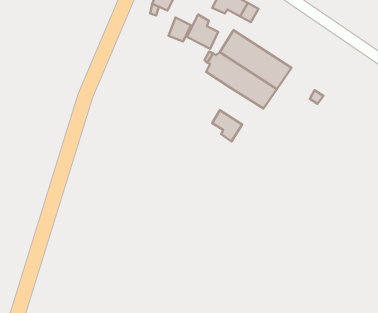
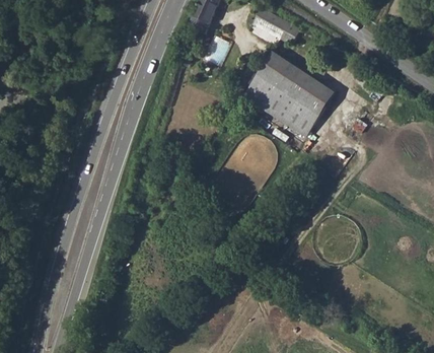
building: [187,14,218,49] -> none
building: [212,110,242,141] -> none

